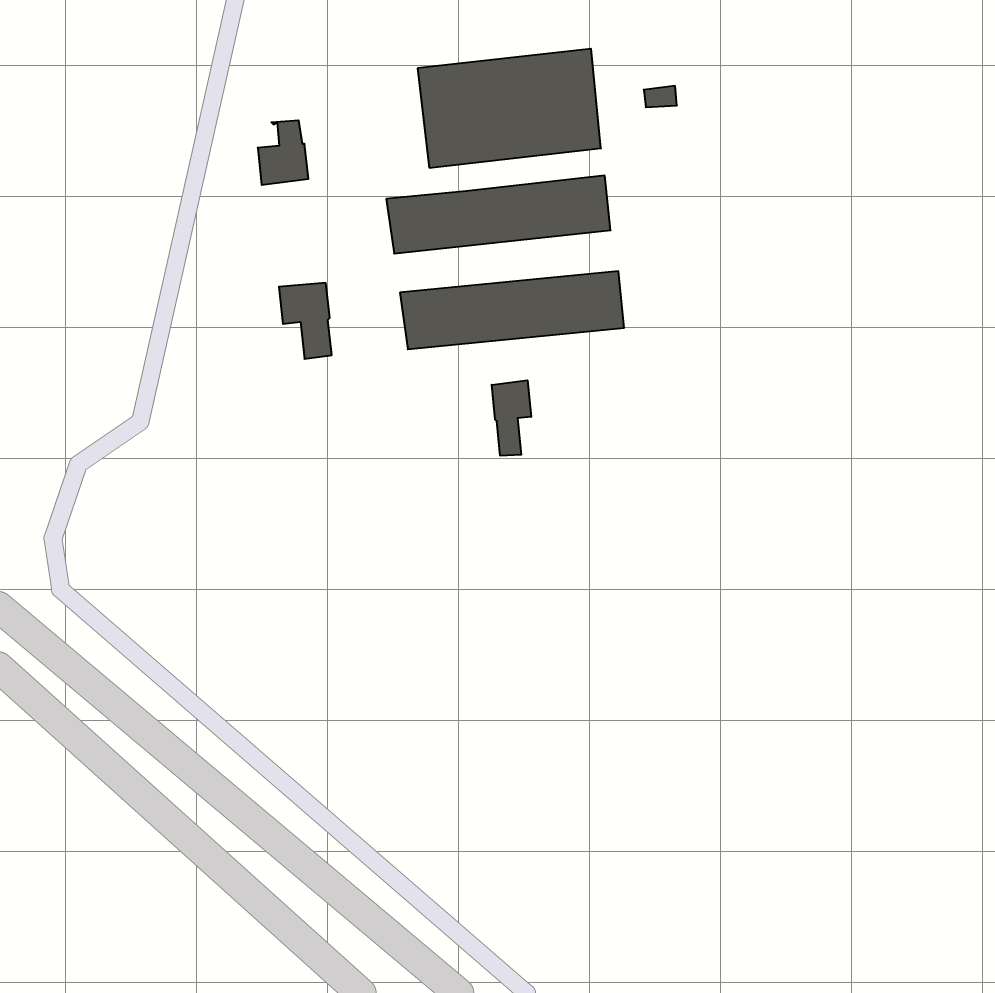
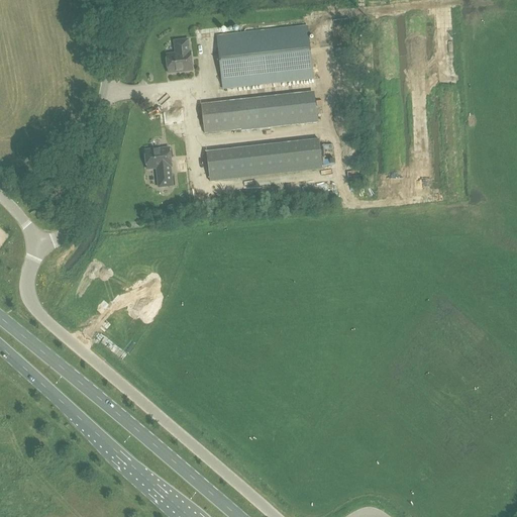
building: [258,120,308,185] -> [166,38,192,72]
building: [492,380,531,456] -> none

